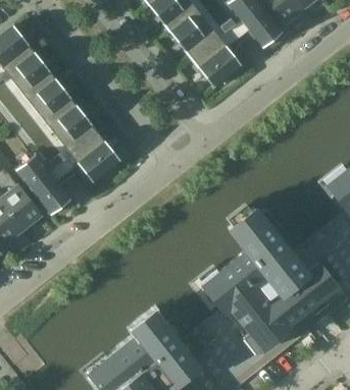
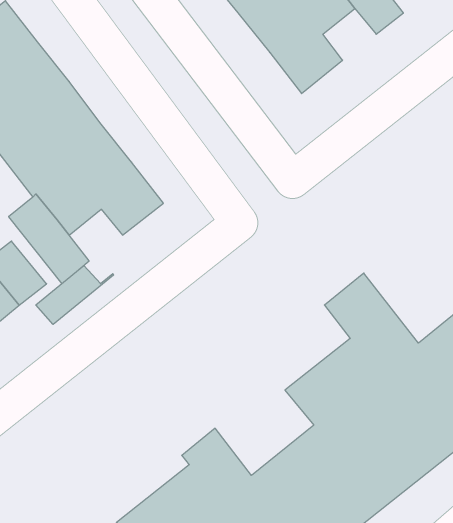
building: none -> [36,265,114,324]

